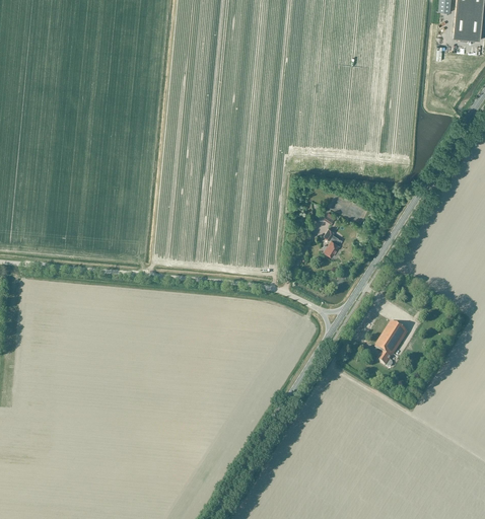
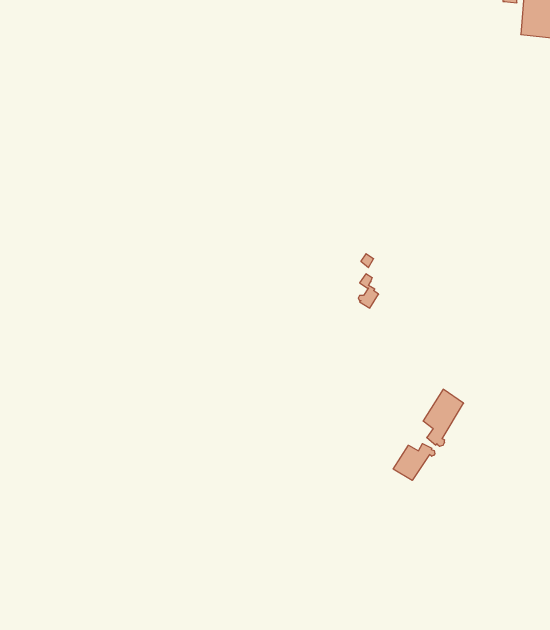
building: none -> [393,444,435,480]

